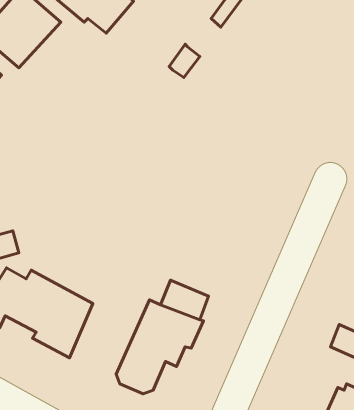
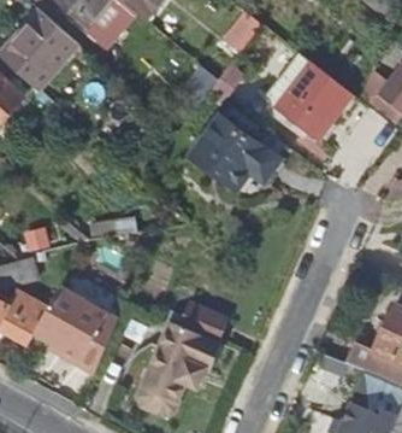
building: none -> [276,63,350,139]
building: none -> [191,117,279,187]

